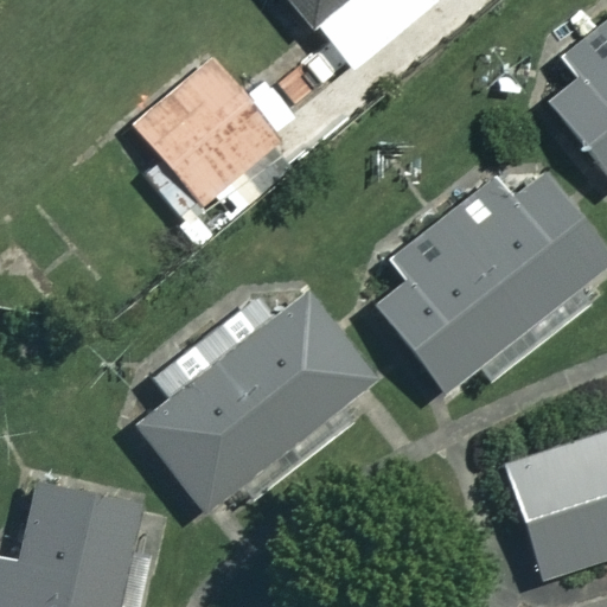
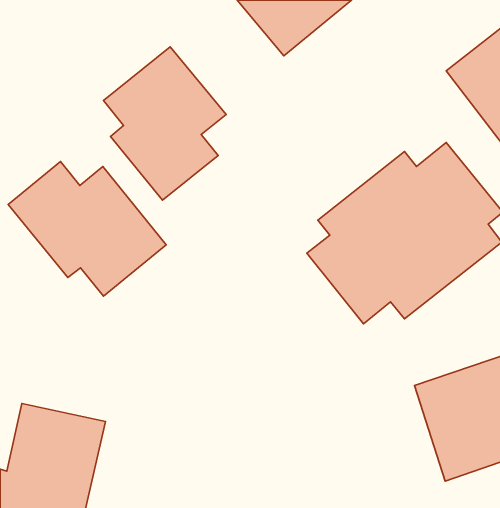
building: none -> [8,162,166,296]
building: [136,285,382,512] -> none

